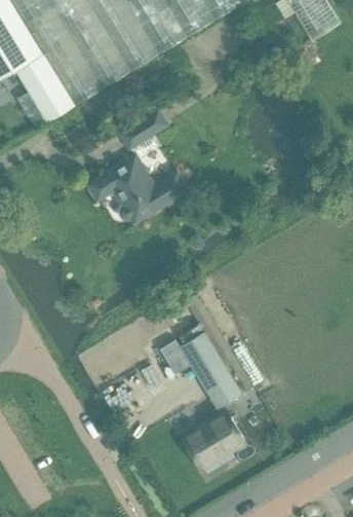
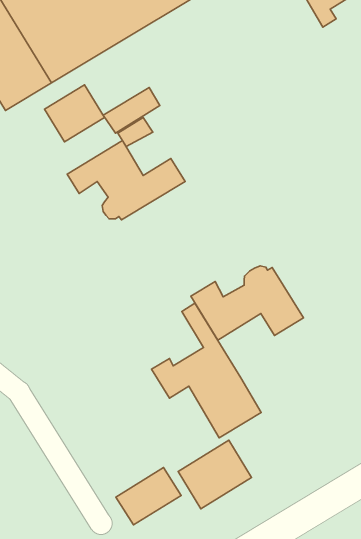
building: none -> [44,85,105,142]
building: none -> [191,266,304,340]
building: none -> [116,468,181,525]

